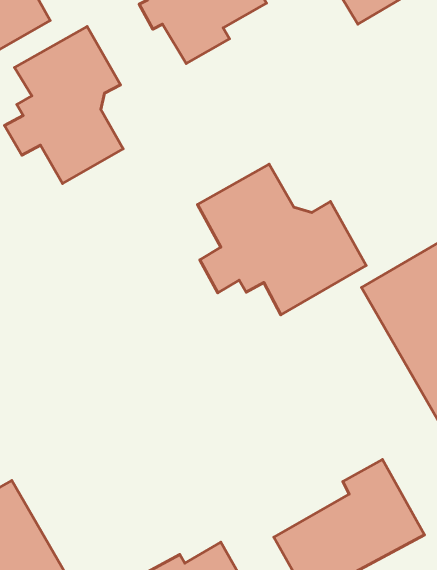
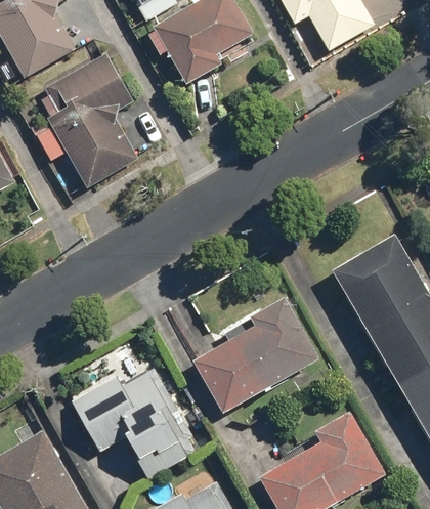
building: [197,164,366,315] -> none
building: none -> [194,297,318,413]
building: none -> [71,360,195,478]

